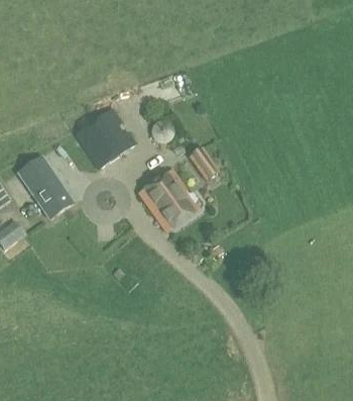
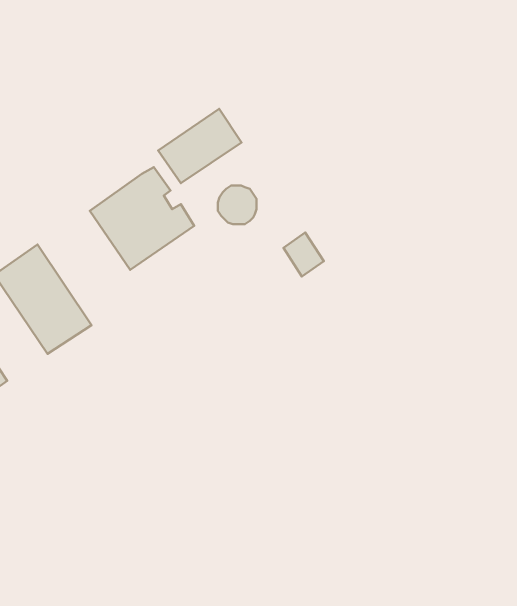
building: none -> [158,109,241,183]
building: [138,169,199,231] -> none

